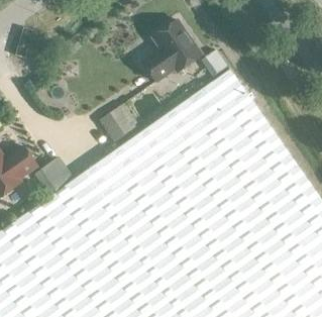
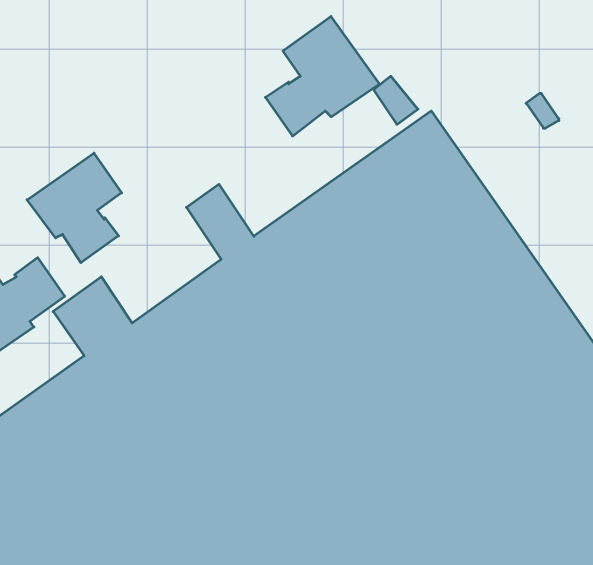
building: none -> [27,153,122,263]

